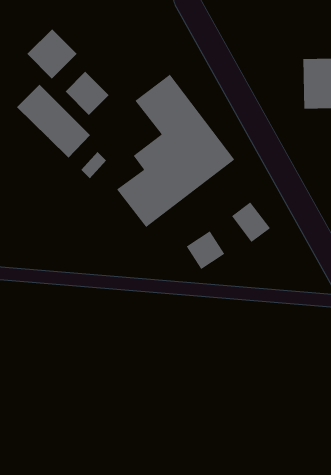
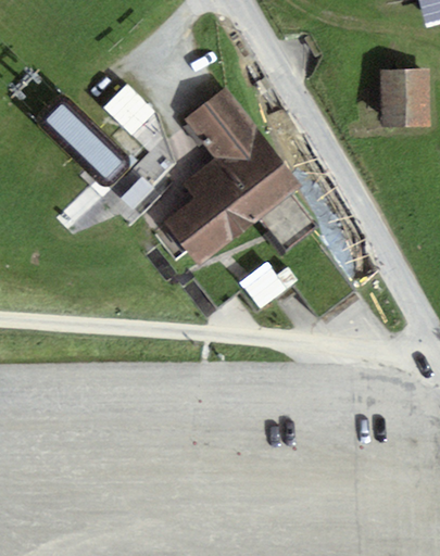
building: [27,28,77,79] -> none
building: [231,201,271,243] -> none

